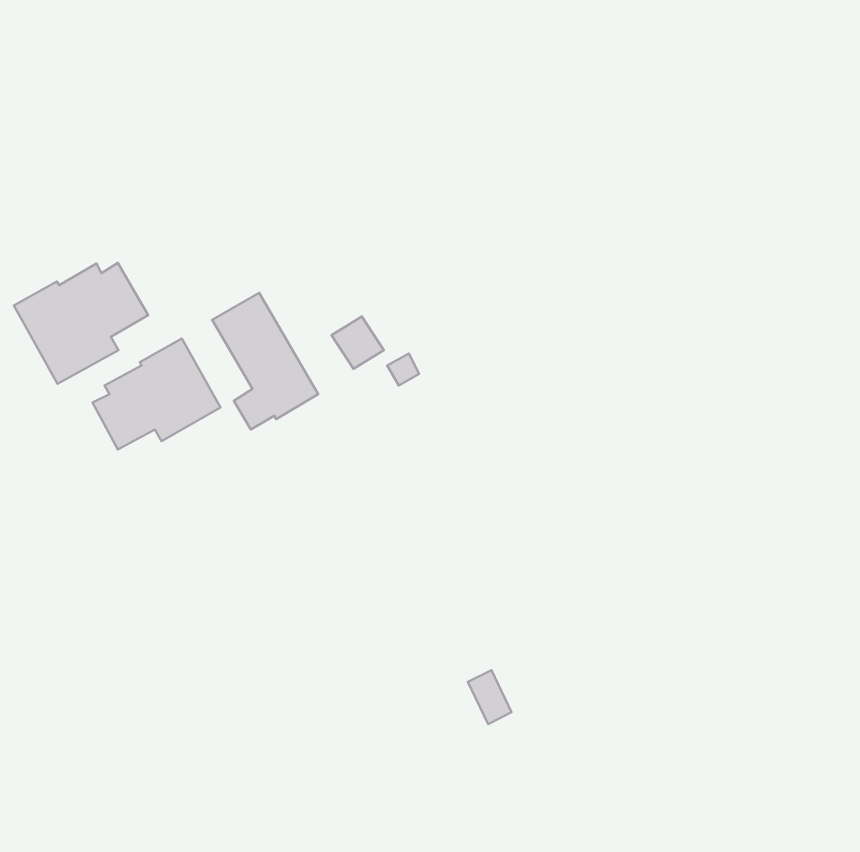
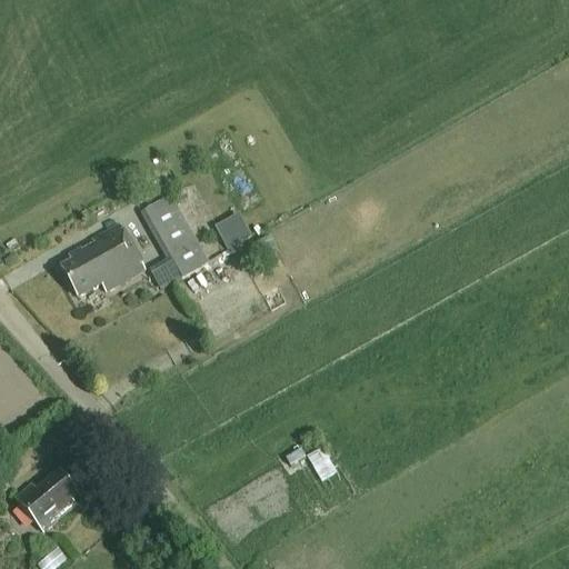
building: [14,263,148,384] -> none
building: none -> [14,469,80,532]

